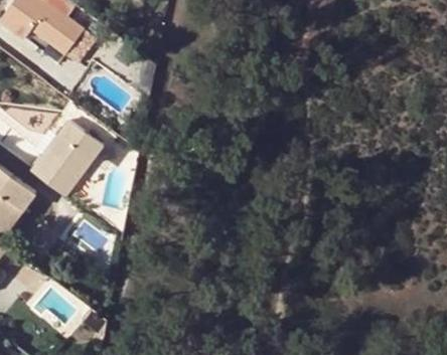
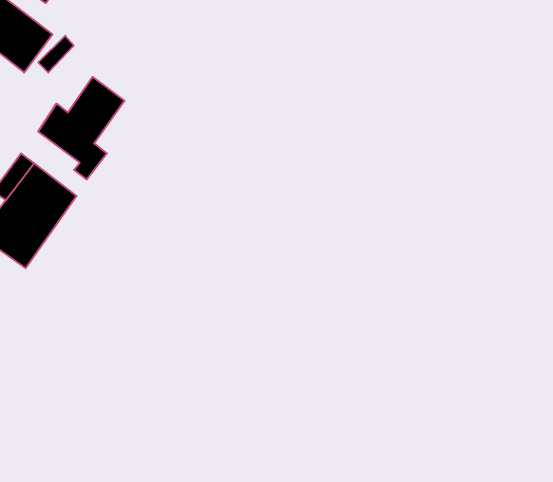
building: none -> [38,77,125,179]

